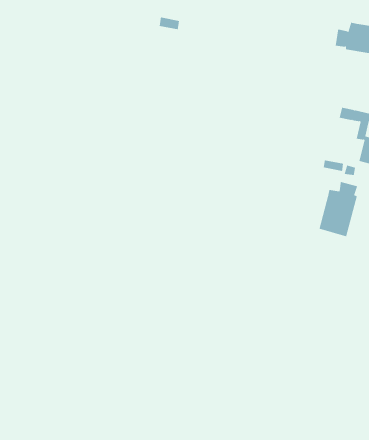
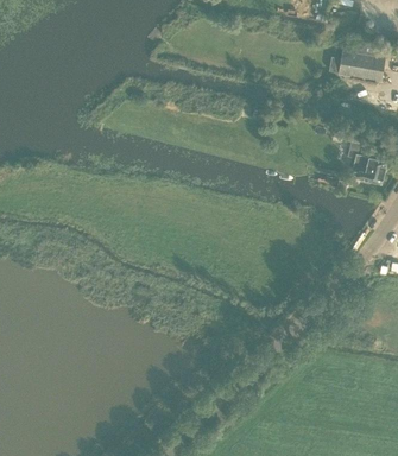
building: [319,181,358,237] -> none

